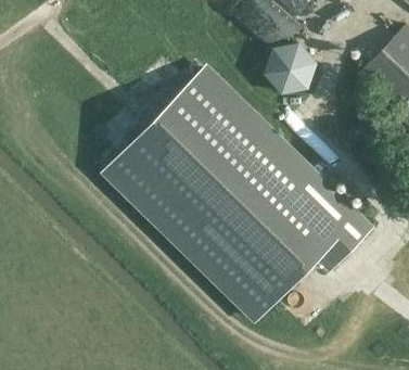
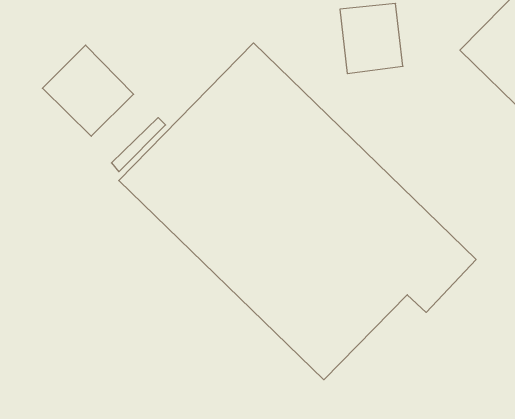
building: none -> [42,45,134,136]

